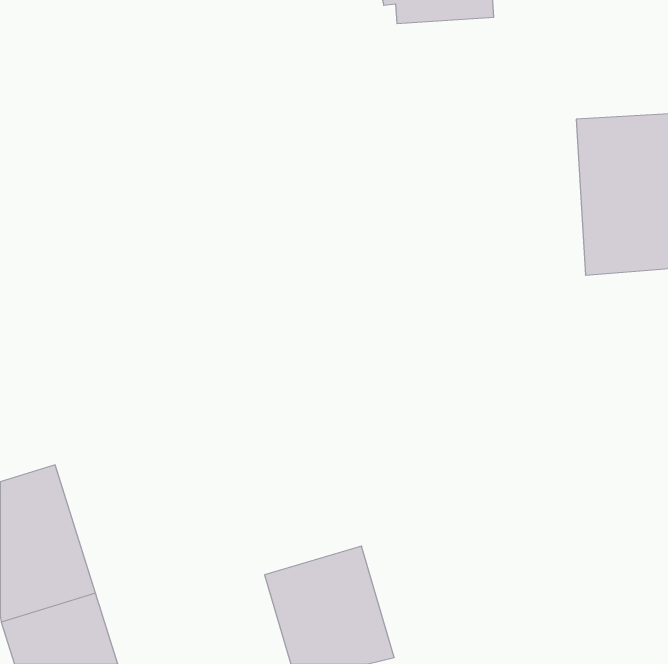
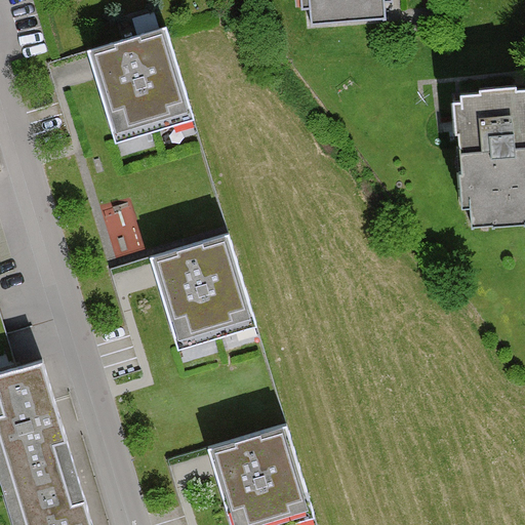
building: none -> [84,30,195,146]
building: none -> [151,241,252,344]

